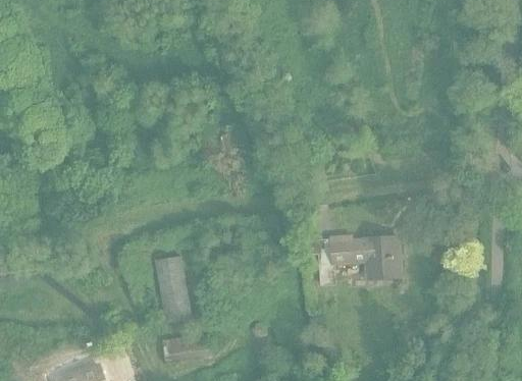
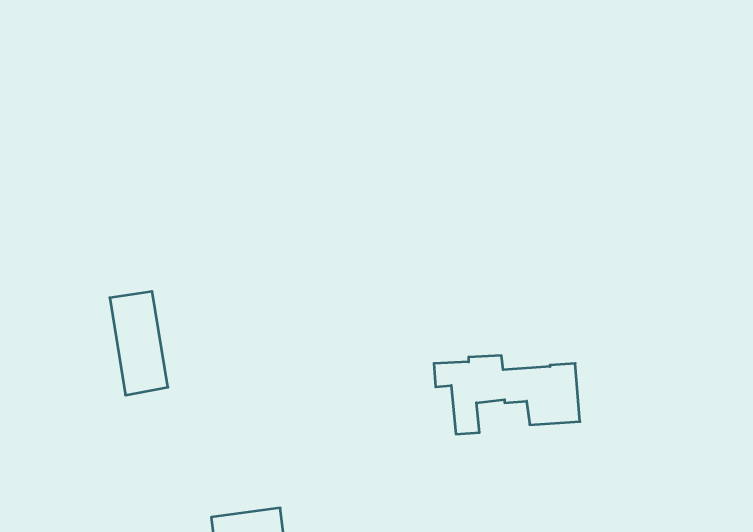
building: [154,256,192,323] -> [110,291,168,395]

